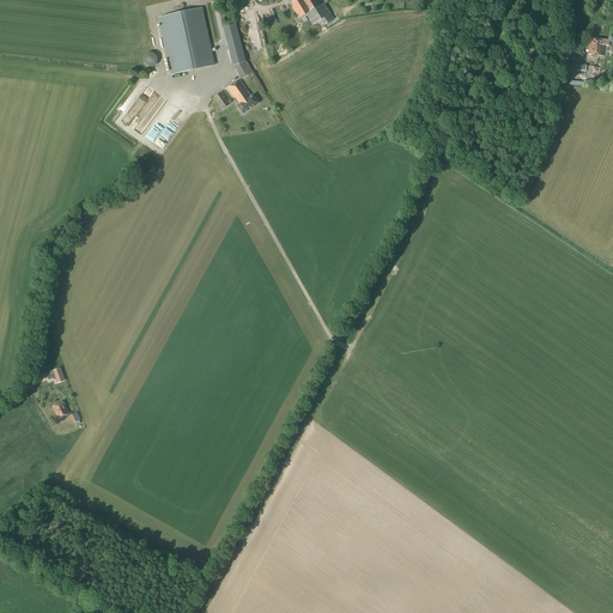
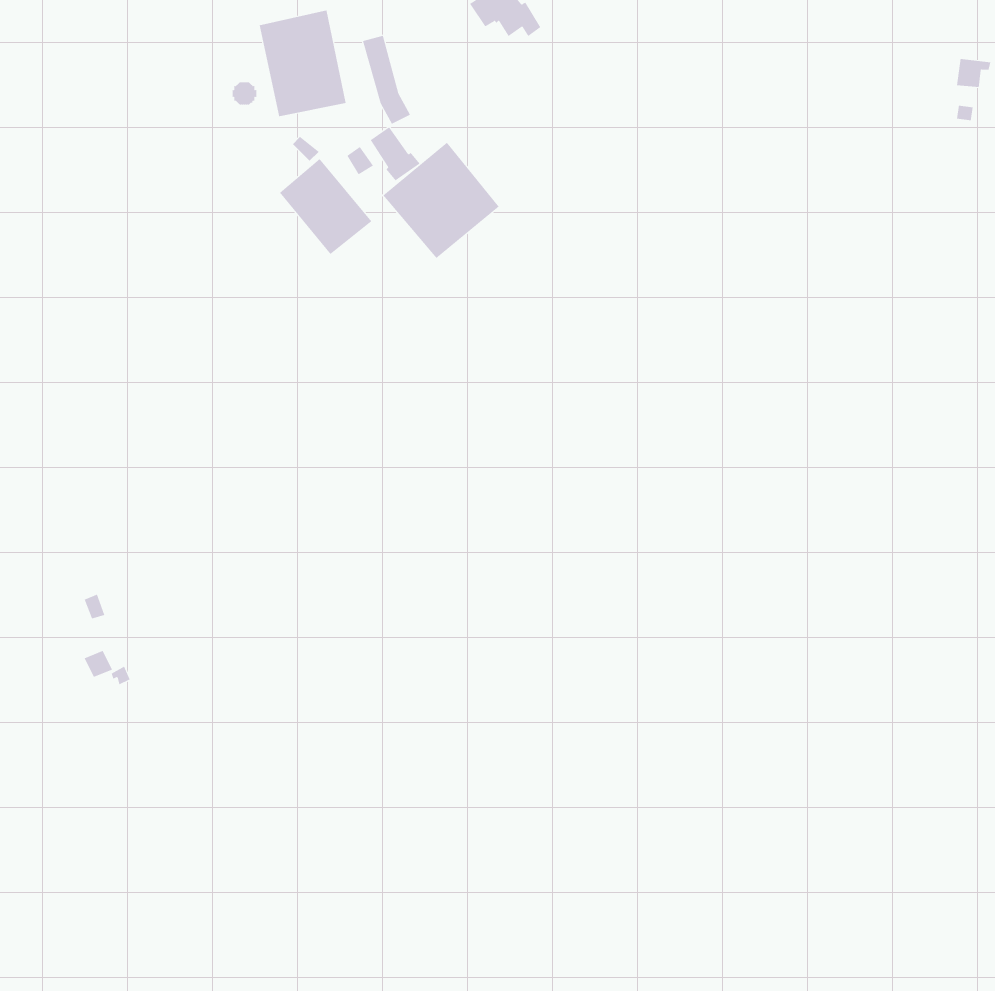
building: none -> [383,142,500,259]
building: none -> [279,158,372,255]

